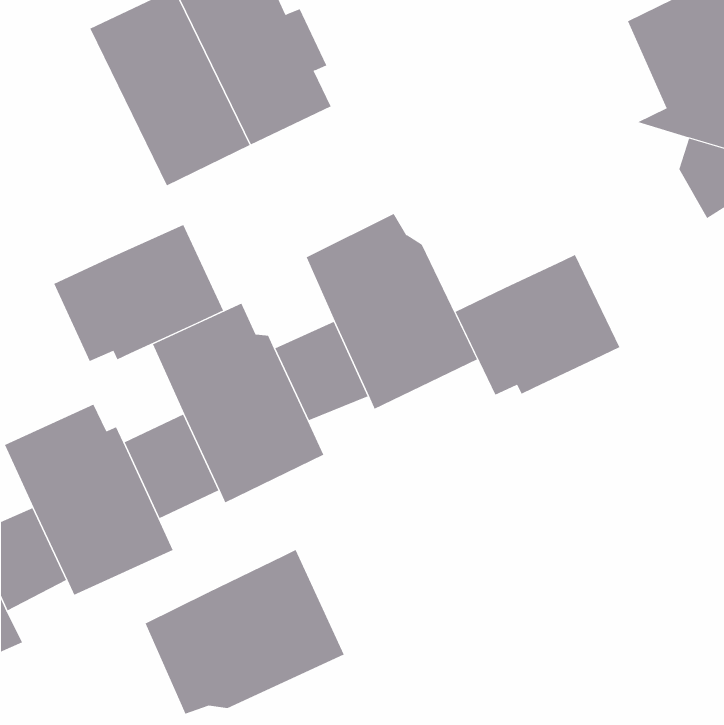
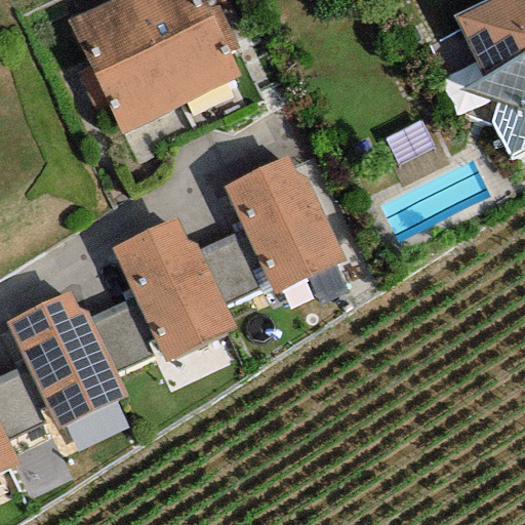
building: [53,224,224,362] -> none
building: [455,254,620,396] -> none
building: [145,549,345,715] -> none

